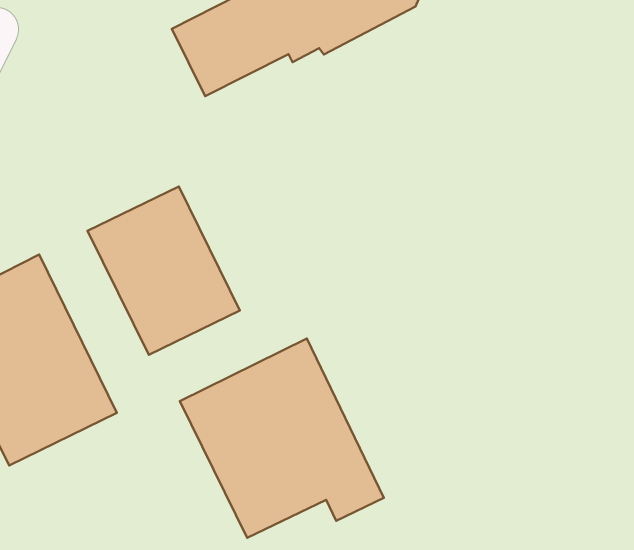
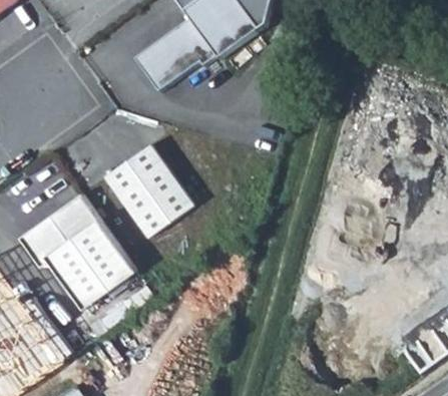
building: [180,339,384,538] -> none

